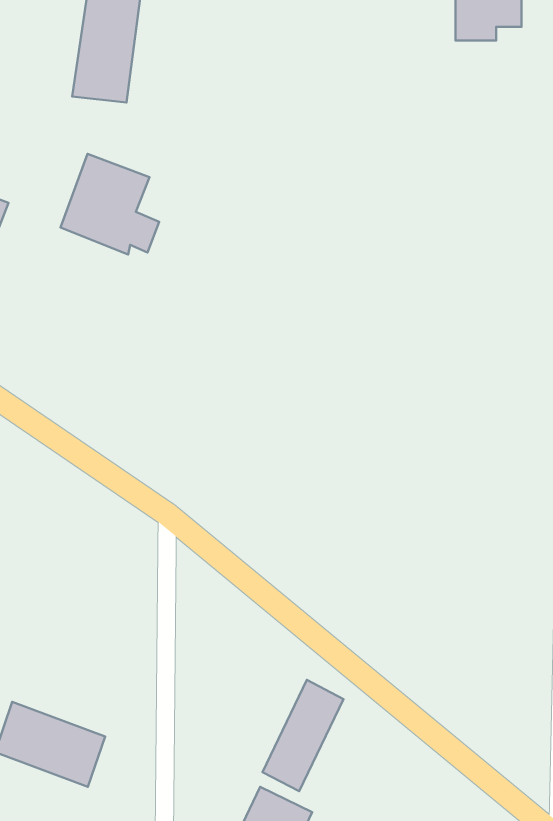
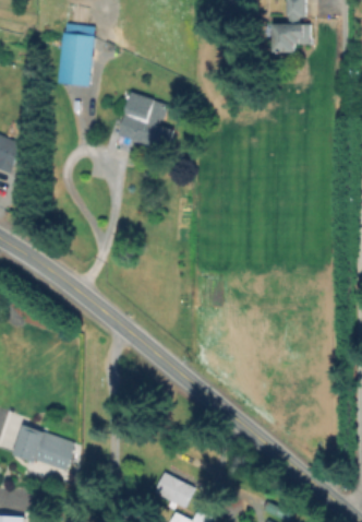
building: [60,154,159,255] -> [117,92,172,149]
building: [262,680,344,791] -> none

